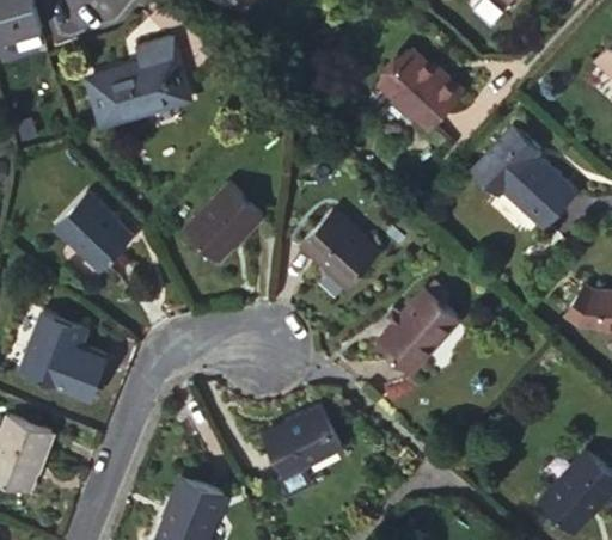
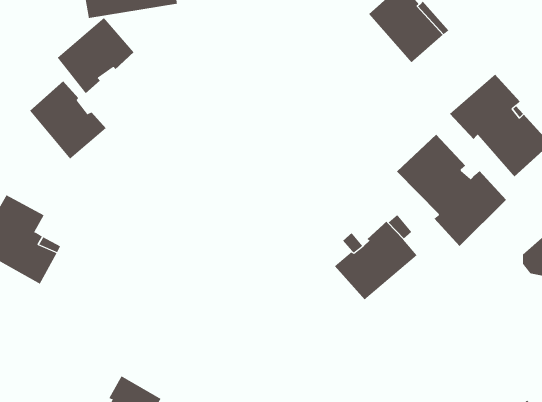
building: [185,183,262,262] -> [57,17,134,94]
building: none -> [396,134,507,247]
building: [300,208,381,289] -> none
building: [264,406,342,478] -> none

